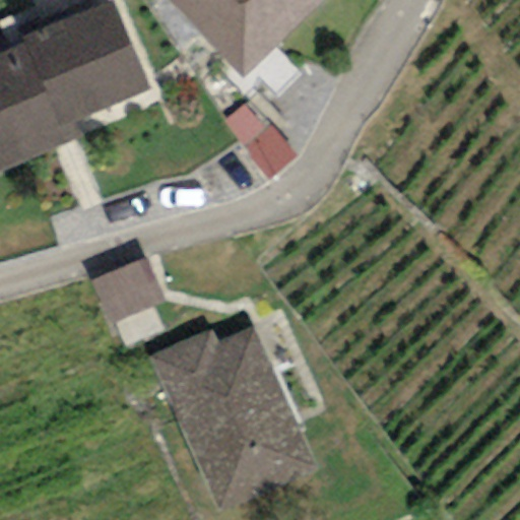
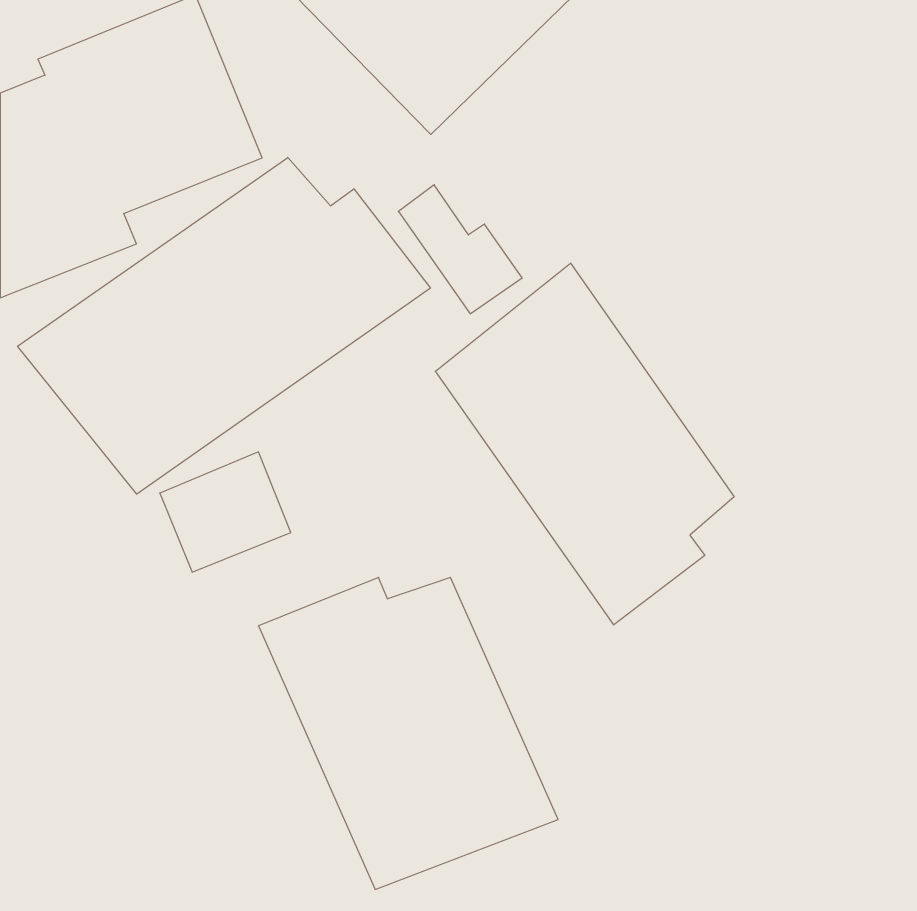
building: none -> [18,157,430,494]
building: none -> [435,263,734,625]

